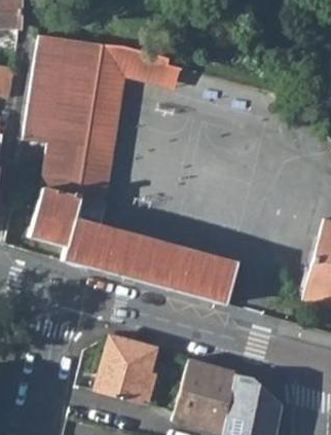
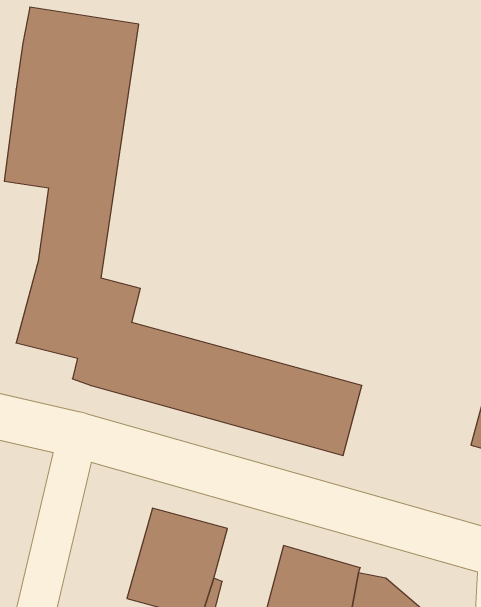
building: [81,44,181,204] -> none

